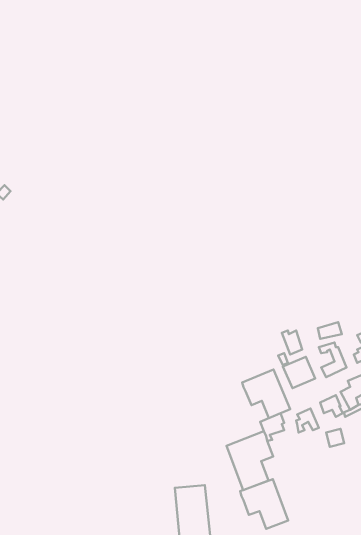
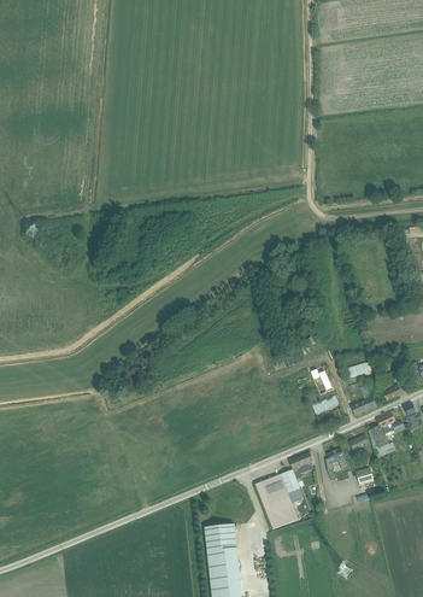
building: [242,370,290,418] -> none
building: [240,479,288,529] -> none

